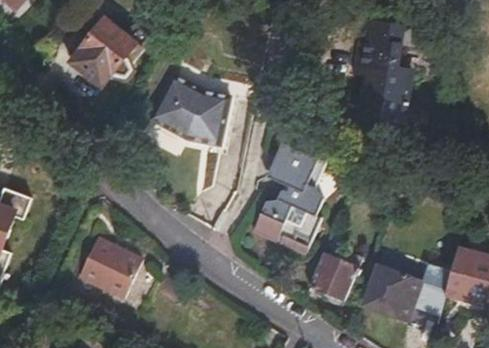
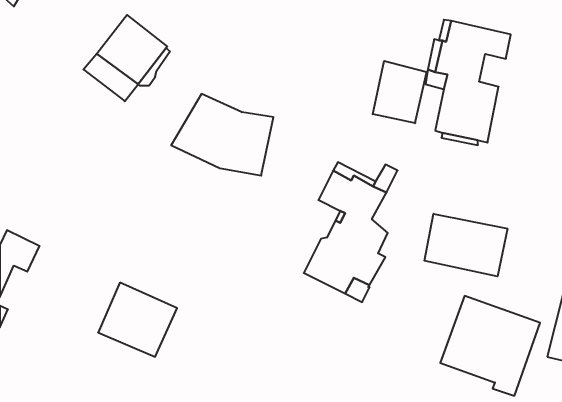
building: none -> [373,61,426,123]
building: none -> [424,214,507,276]
building: [304,250,350,297] -> none

